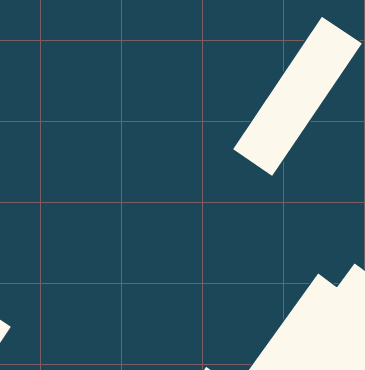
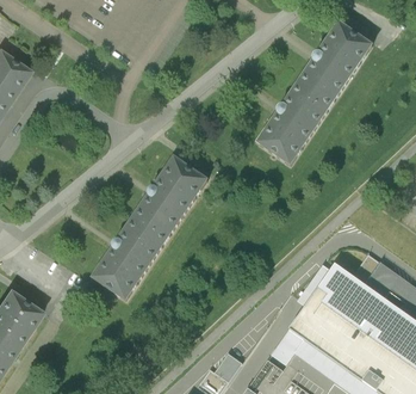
building: none -> [92,154,215,304]

